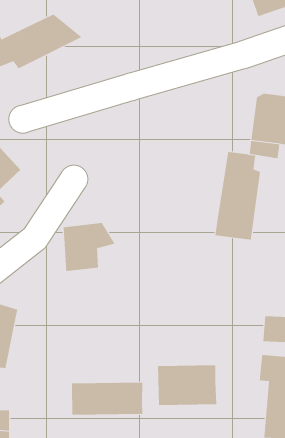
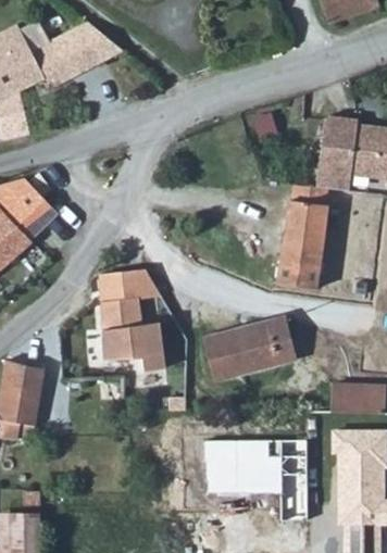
building: none -> [204,321,297,381]
building: none -> [101,322,164,372]
building: none -> [278,455,303,515]
building: [72,382,143,416] -> none

